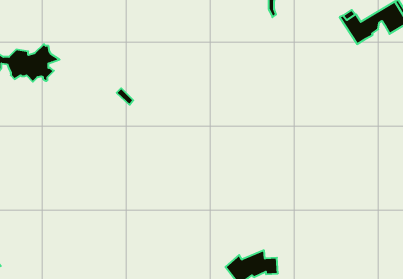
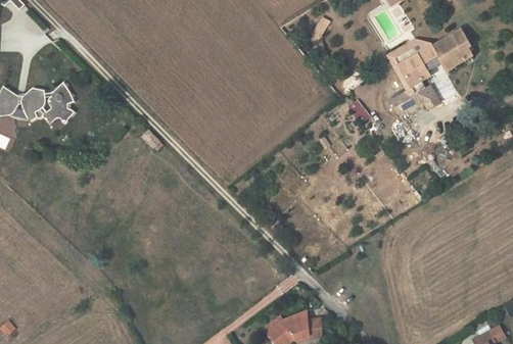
building: none -> [390,77,440,113]

